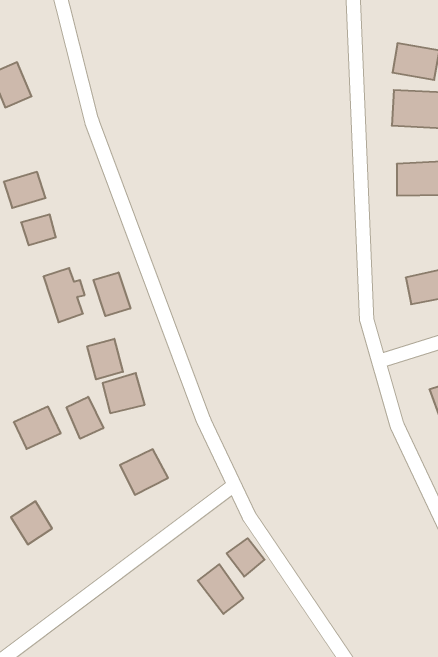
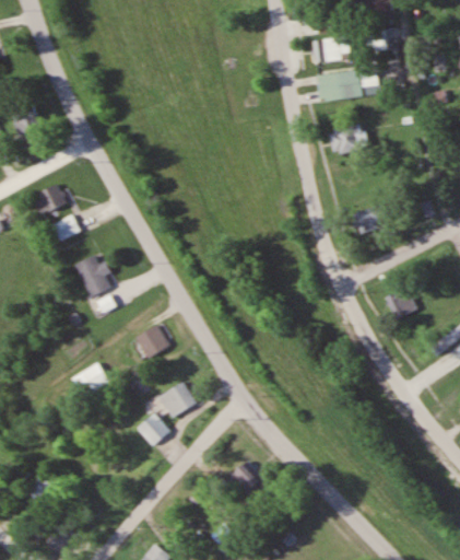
building: [93,272,130,316] -> none
building: [87,339,123,379] -> none
building: [67,397,103,439] -> none
building: [11,501,52,544] -> [137,411,169,445]
building: [227,538,265,577] -> none

